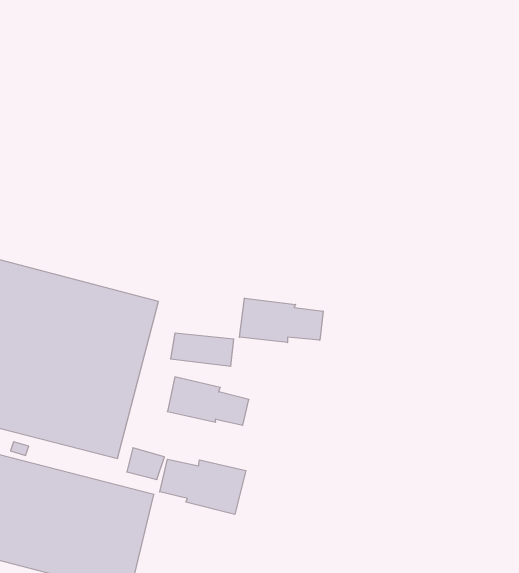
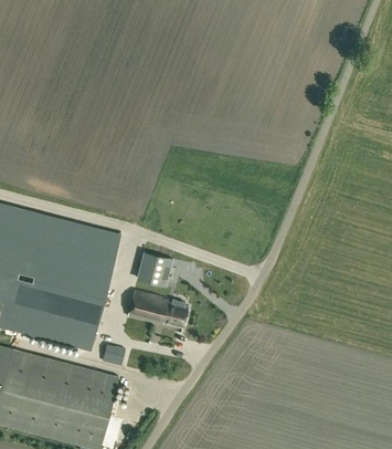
building: [239,298,323,343] -> none
building: [160,459,246,514] -> none

